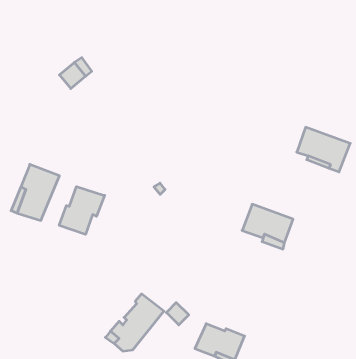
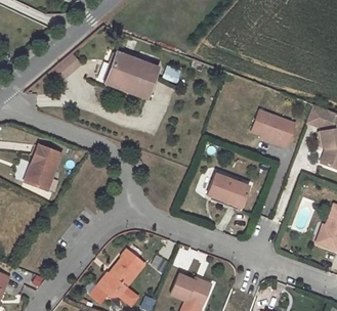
building: none -> [106,49,166,97]
building: [59,187,105,234] -> none

